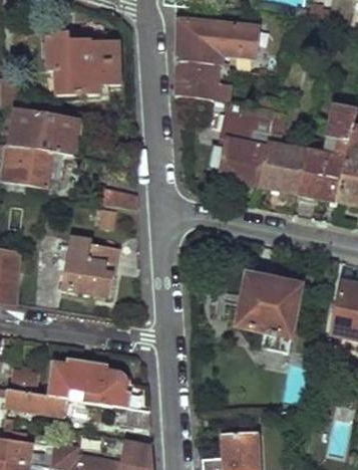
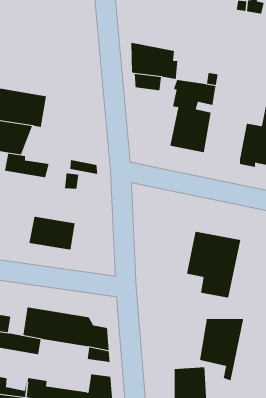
building: [172,14,255,67] -> none
building: [45,35,121,92] -> none
building: [259,109,307,192] -> none
building: [62,237,114,265] -> [4,153,49,178]
building: none -> [199,318,244,381]

